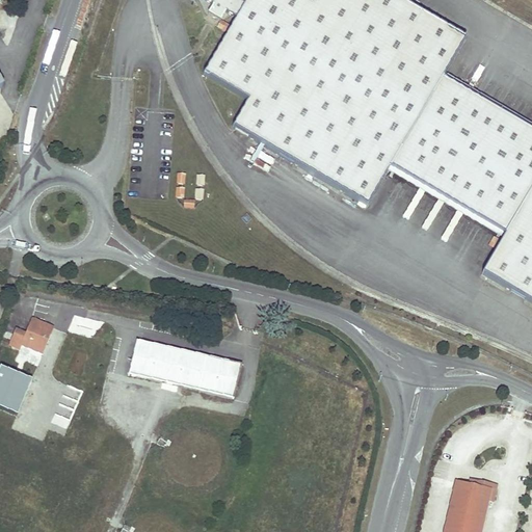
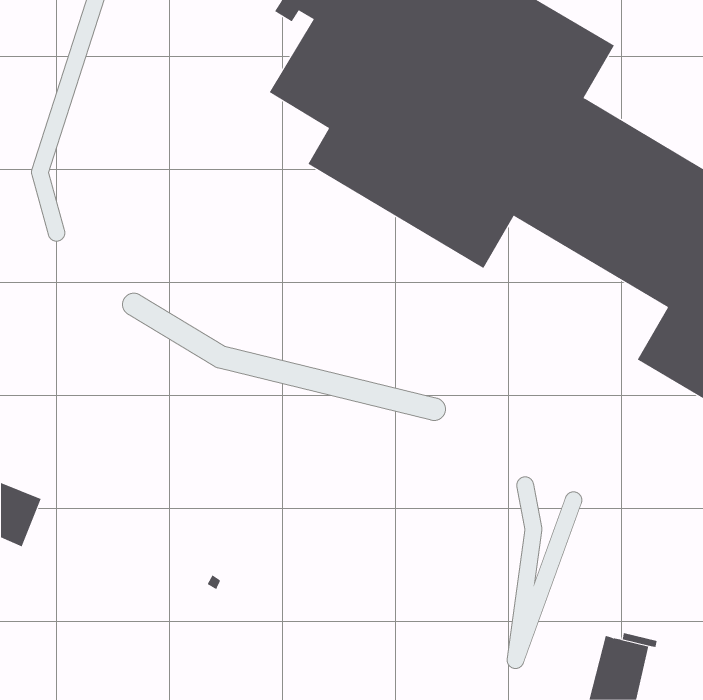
building: [9,316,52,350] -> none
building: [129,339,241,394] -> none

